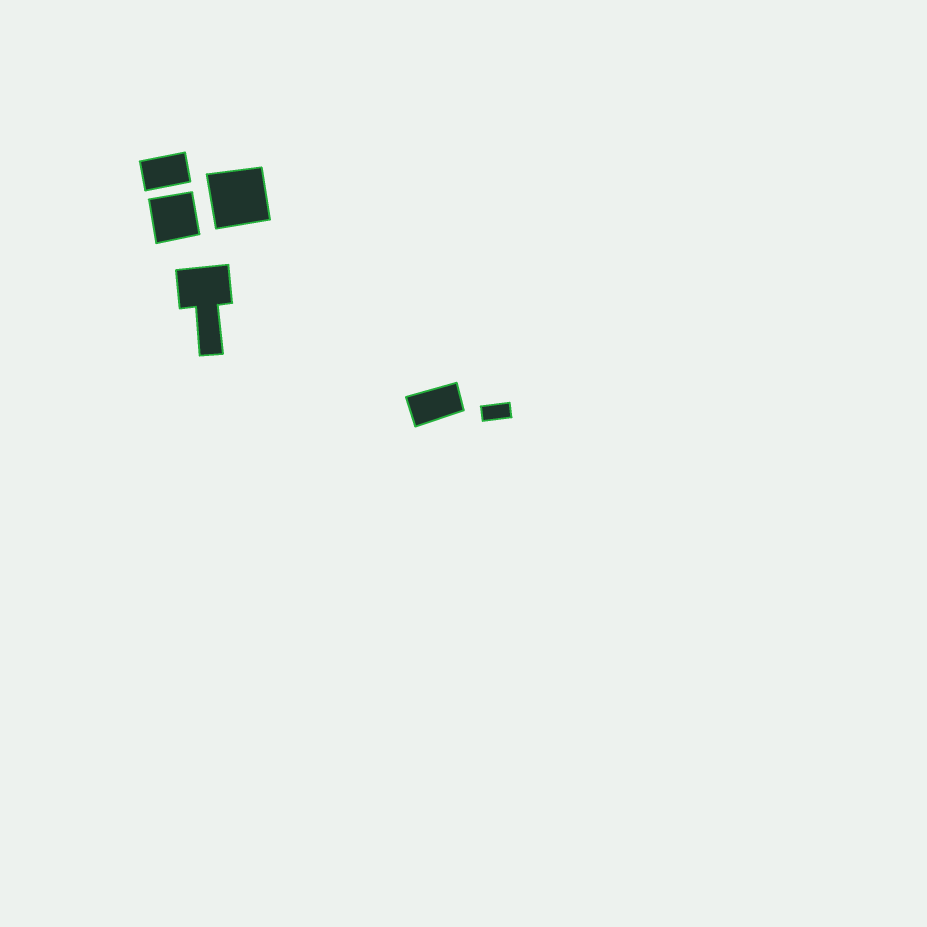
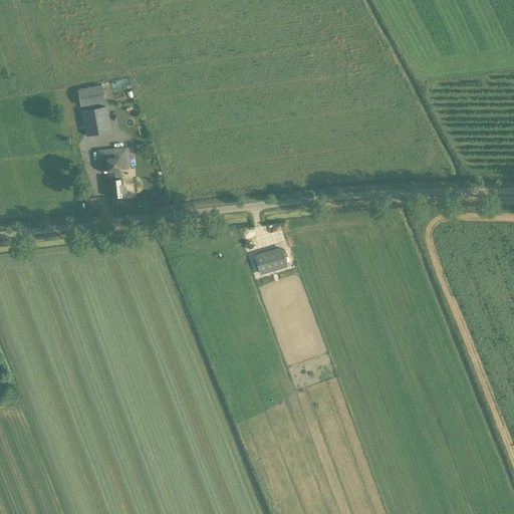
building: [207,167,270,229] -> none
building: [406,383,464,426] -> [253,249,285,273]

